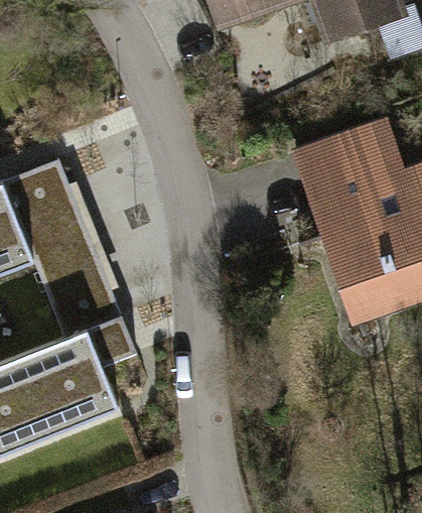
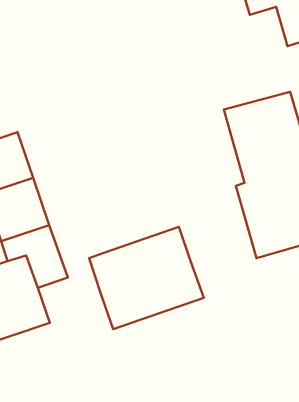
building: none -> [89,227,204,329]

